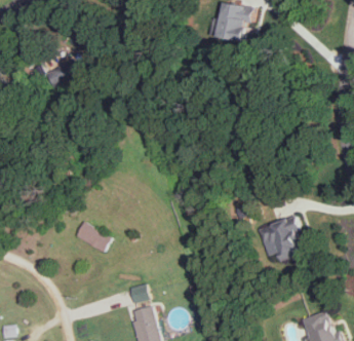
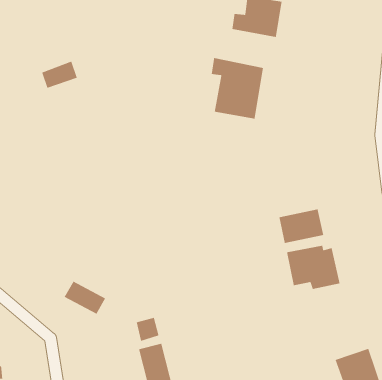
building: none -> [211,57,264,120]
building: none -> [278,209,324,244]
building: [74,221,111,251] -> [64,281,106,315]

